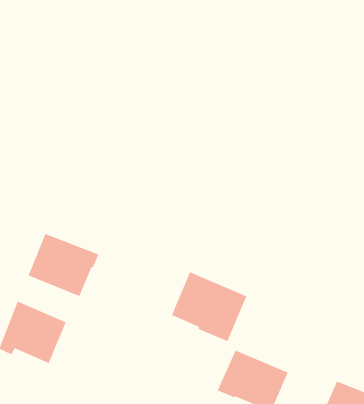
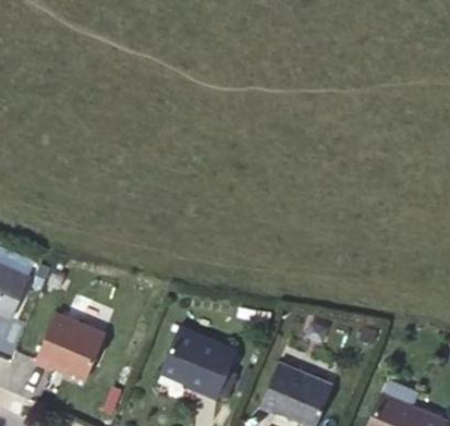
building: [28,233,99,297] -> none
building: [171,271,247,342] -> [160,327,238,399]

